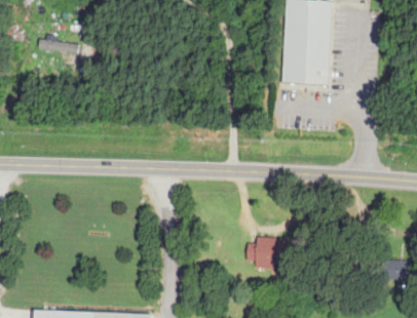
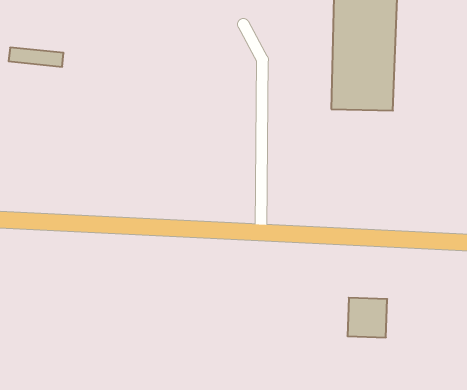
building: [254,238,283,268] -> [347,298,387,337]

